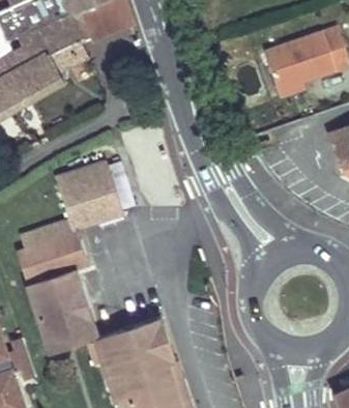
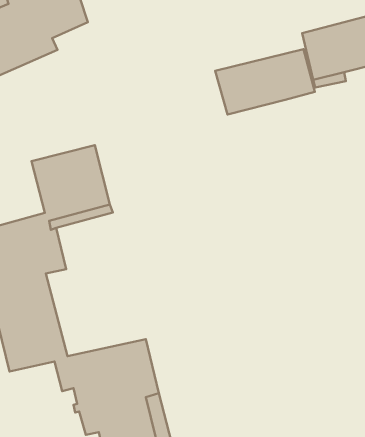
building: none -> [215,49,315,114]

